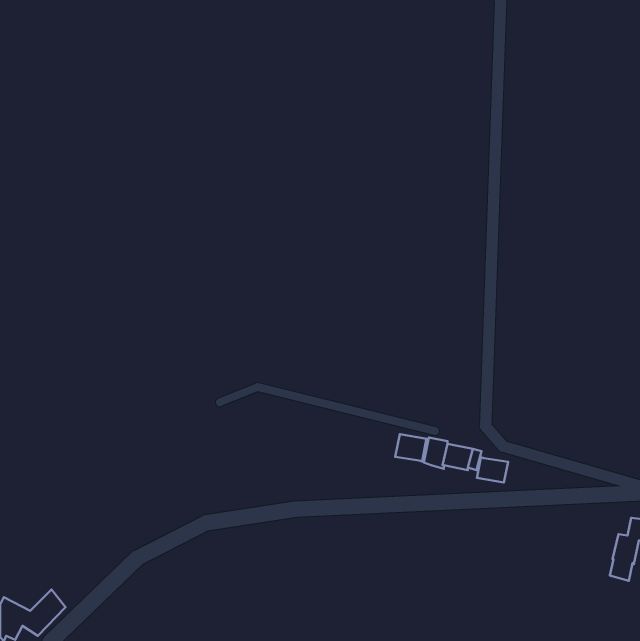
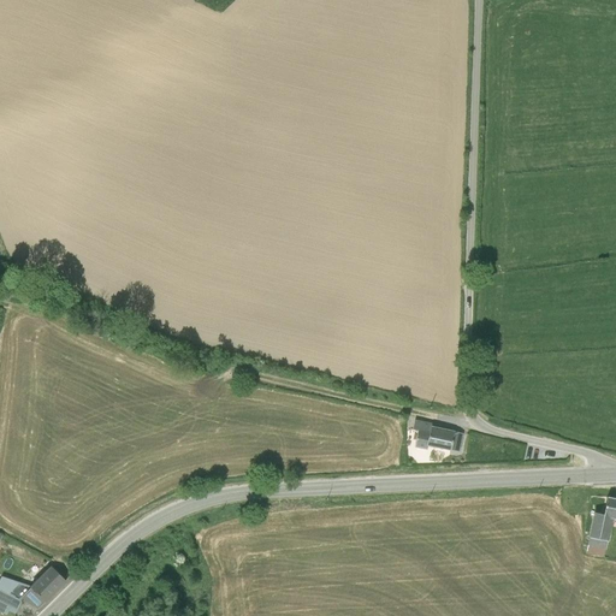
building: [395,434,427,462] -> none
building: [477,457,508,483] -> none

